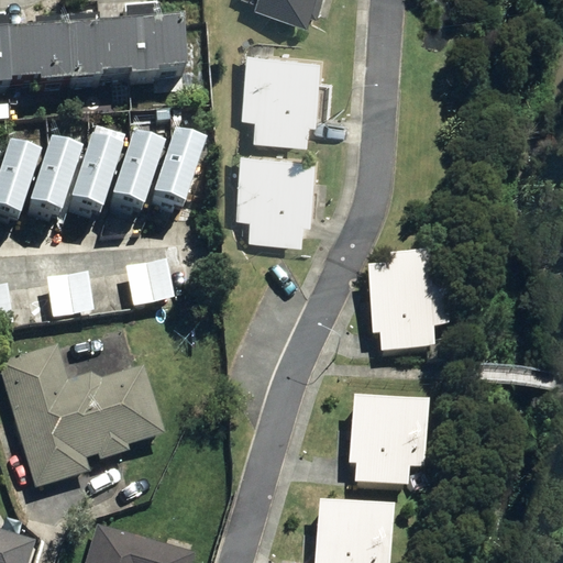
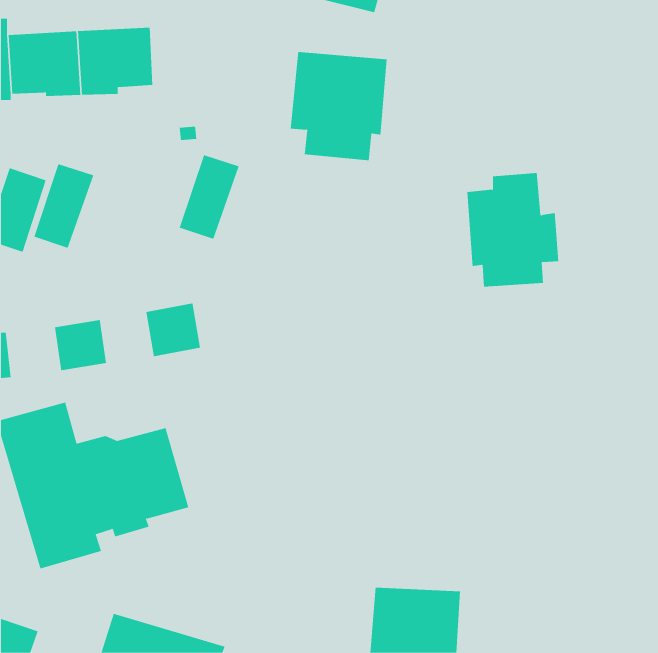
building: [128,4,185,77] -> none
building: [110,134,164,208] -> none
building: [70,136,121,209] -> none
building: [242,143,325,238] -> none
building: [357,261,437,358] -> [467,172,559,287]
building: [350,397,427,483] -> none

